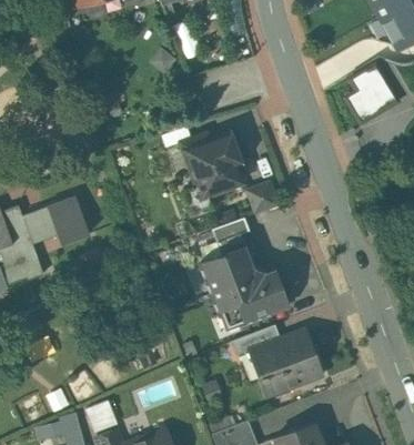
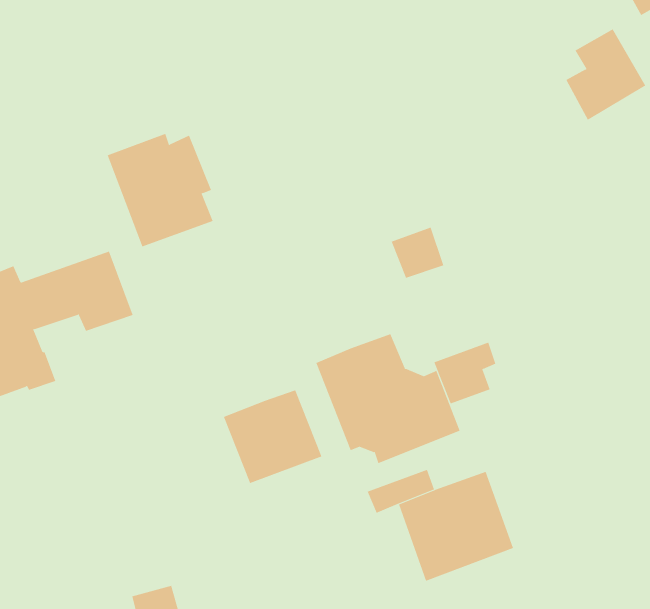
building: [176,122,241,191] -> [107,133,214,247]
building: [212,218,250,255] -> [434,342,496,404]
building: none -> [223,389,322,484]

